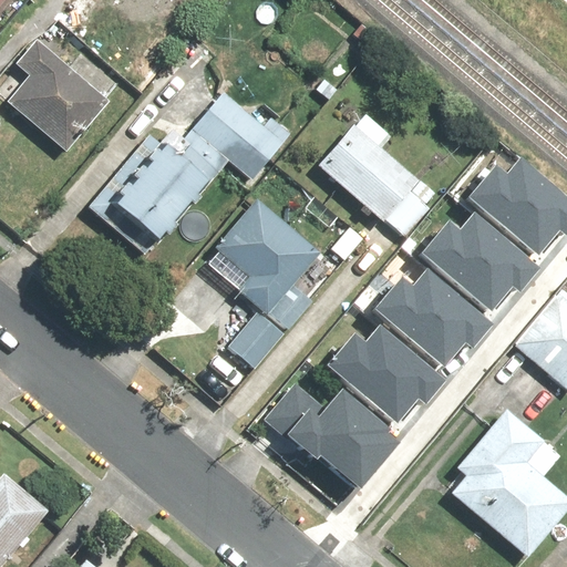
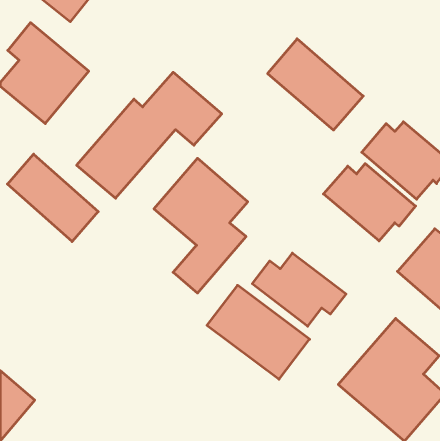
building: [315,124,436,240] -> [268,39,363,130]
building: none -> [7,154,98,242]
building: [373,262,489,361] -> none

